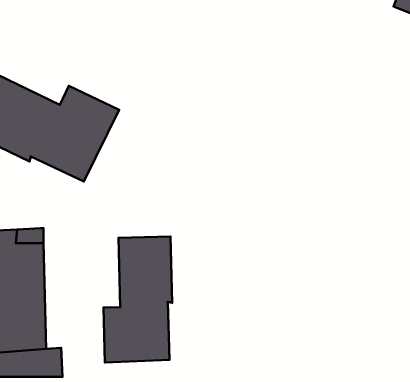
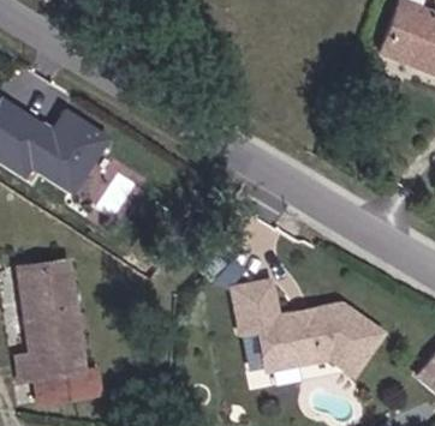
building: [103,237,172,363] -> none
building: none -> [233,272,380,361]

